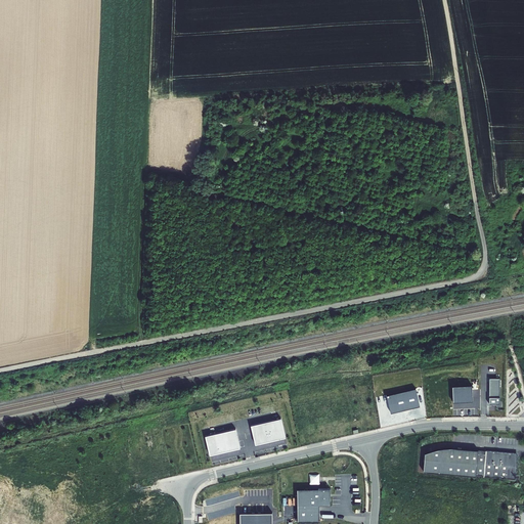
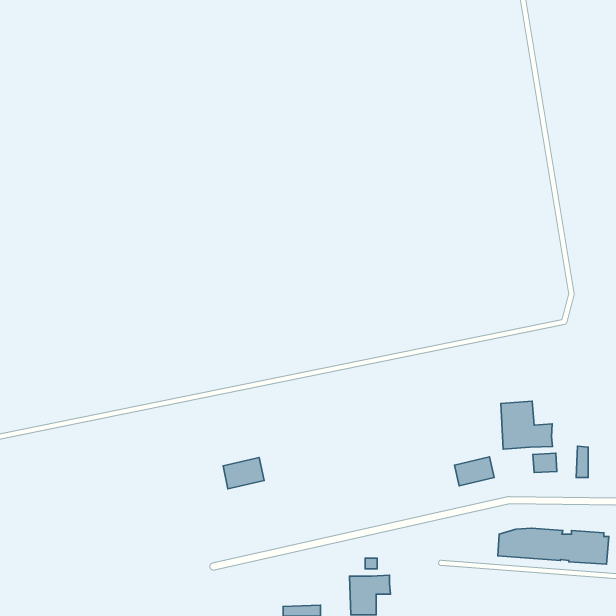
building: none -> [501,401,552,449]
building: [252,419,287,444] -> none
building: [206,429,241,455] -> [223,458,264,489]

